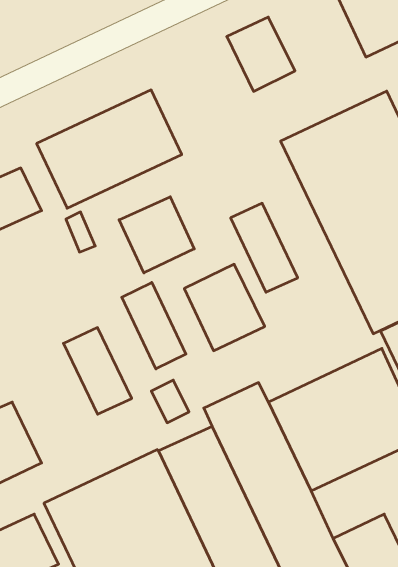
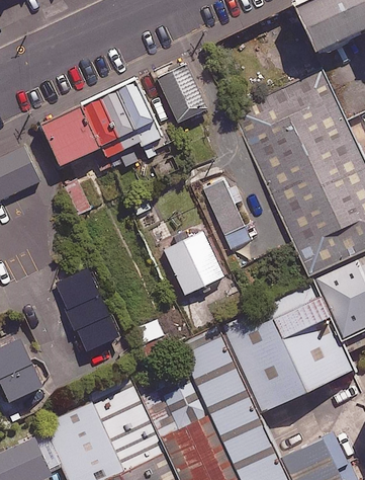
building: [227,17,295,91] -> [155,60,211,122]
building: [119,197,194,273] -> none
building: [122,282,186,369] -> none

